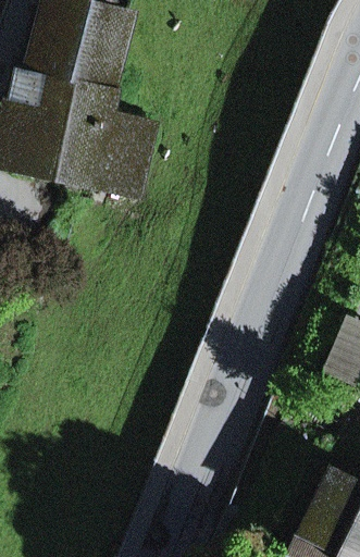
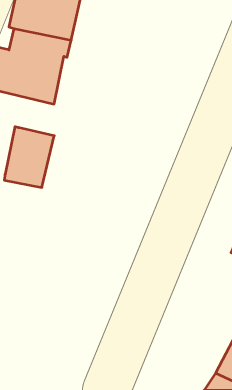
building: [88,113,154,194] -> [4,127,54,187]

